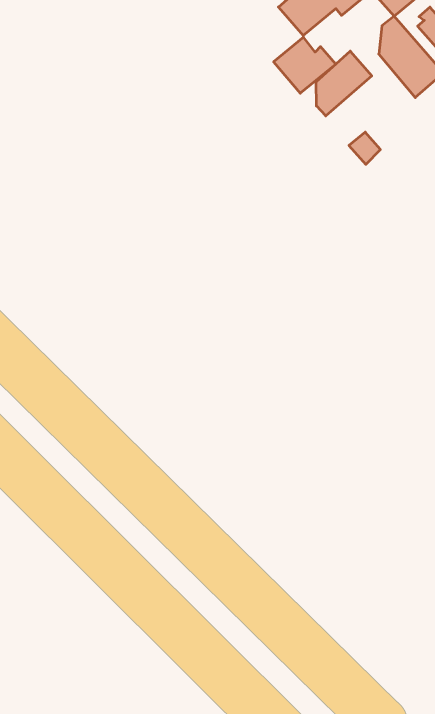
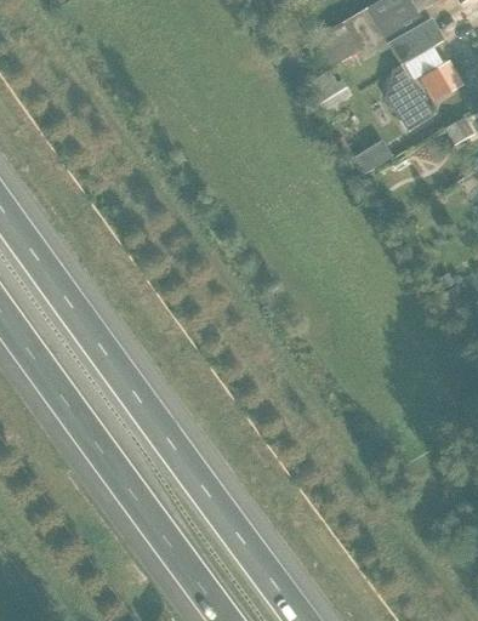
building: [316,51,372,116] -> none

